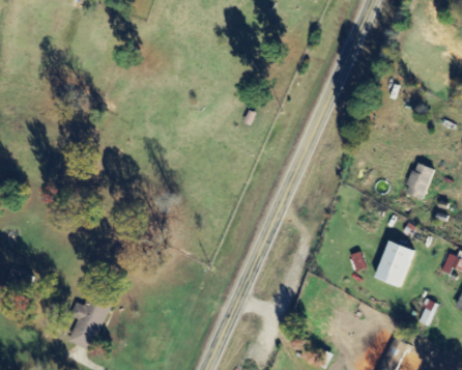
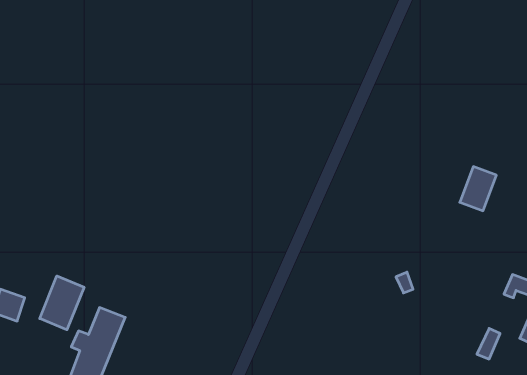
building: [373,240,411,286] -> none
building: none -> [40,276,84,330]

